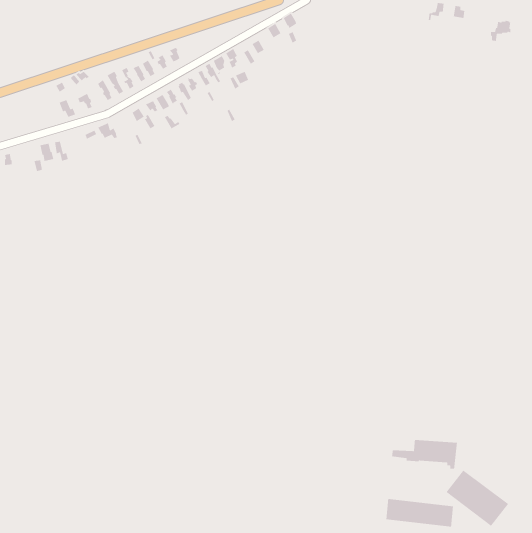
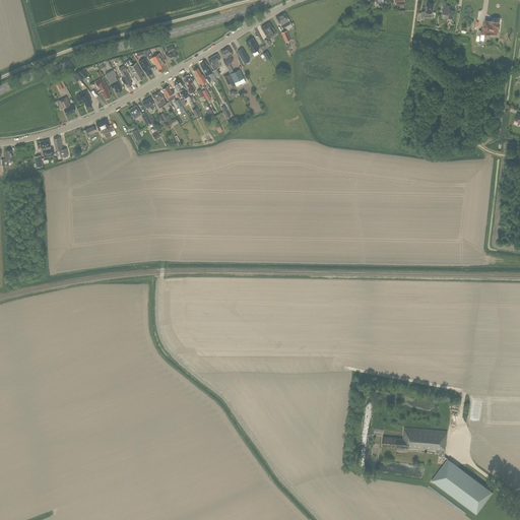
building: [385,498,454,528] -> none

